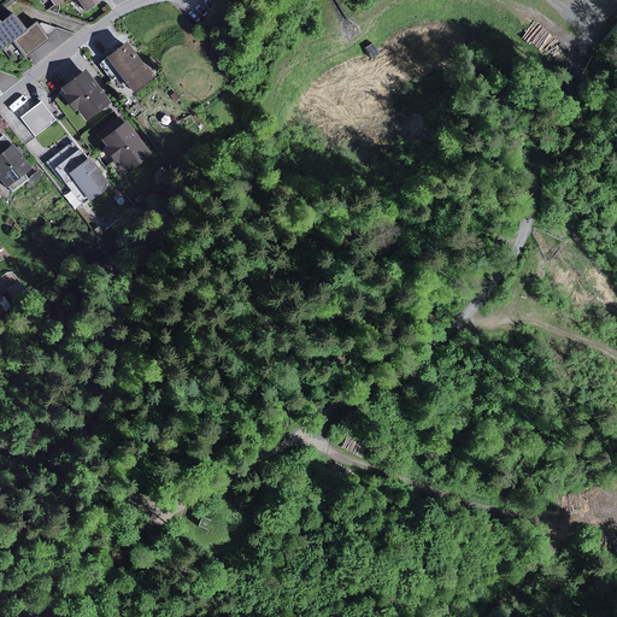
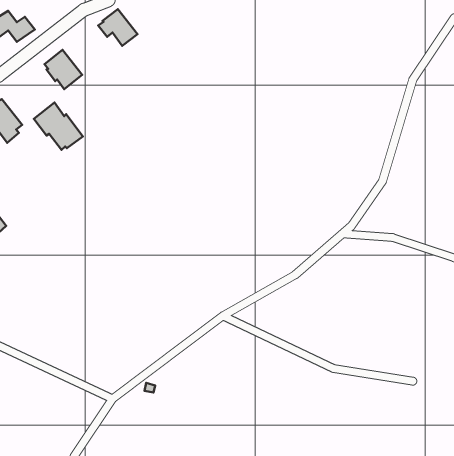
building: [100,40,153,89] -> [98,9,137,46]
building: [18,102,53,136] -> none
building: [96,118,152,171] -> none

